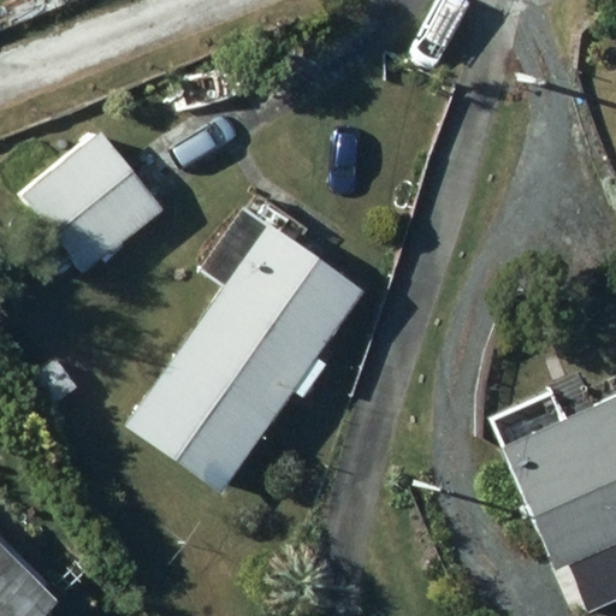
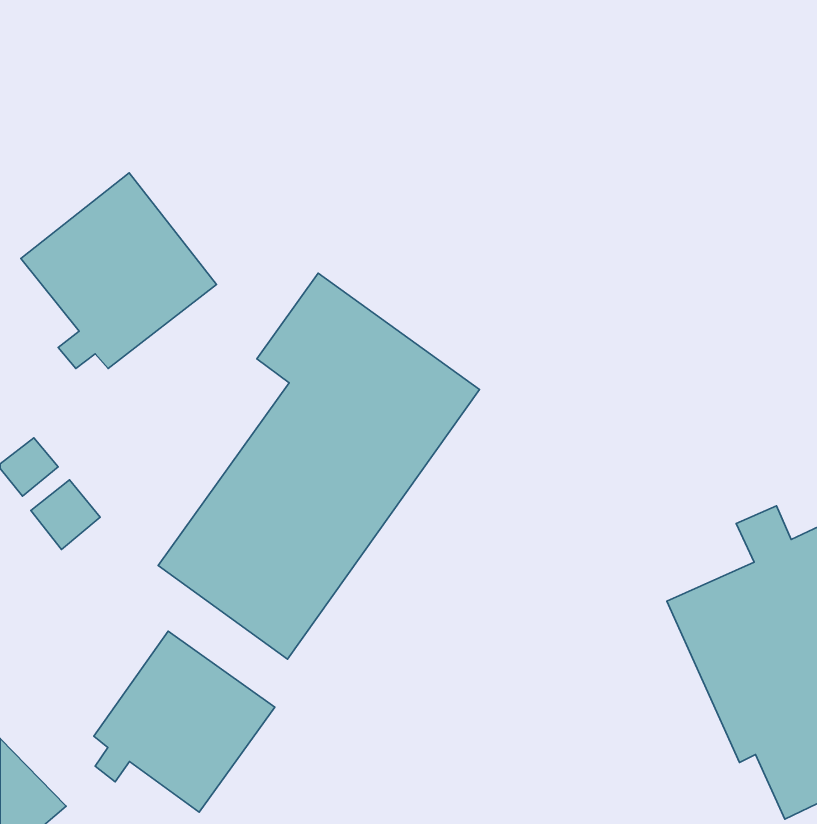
building: none -> [94,631,275,812]

